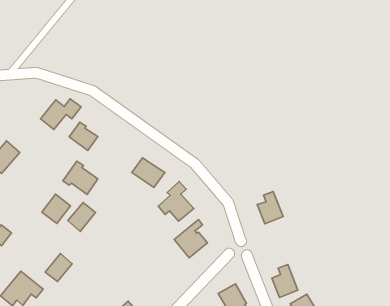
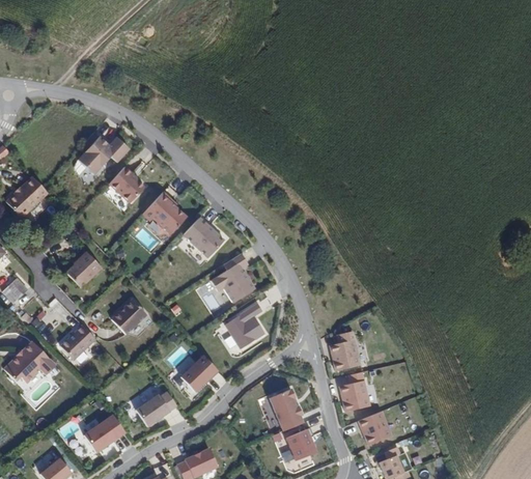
building: [63,161,98,195] -> [143,193,187,235]
building: [257,192,283,224] -> [329,334,359,372]
building: [68,202,95,231] -> [110,298,145,333]
building: none -> [181,357,216,390]

